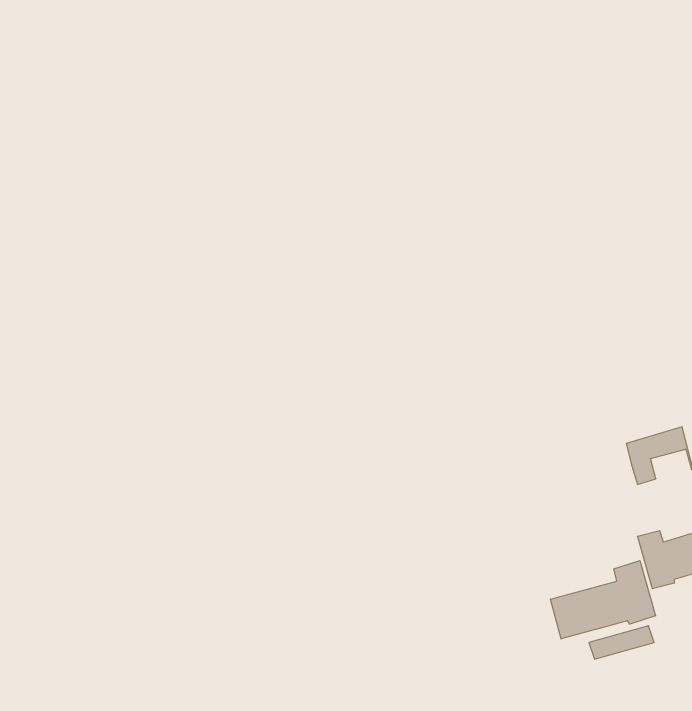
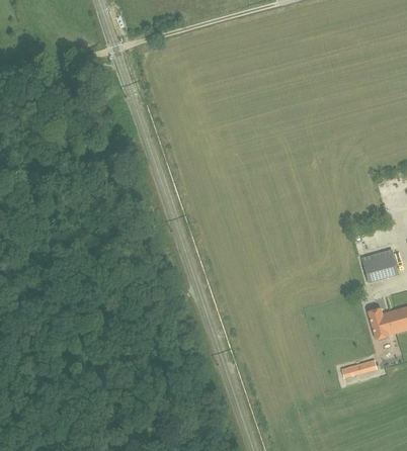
building: [550,561,656,639] -> none

